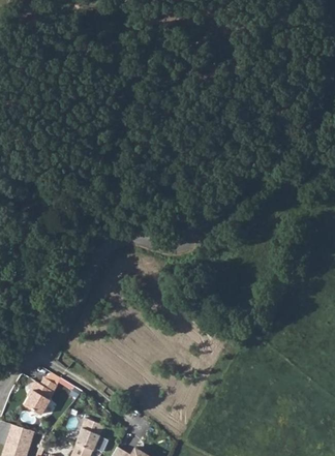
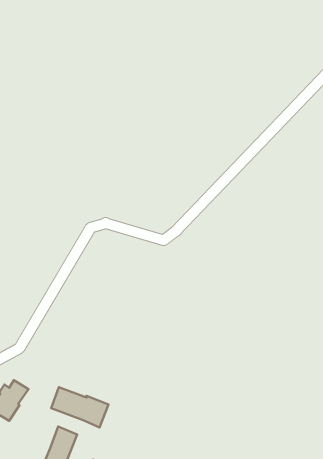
building: none -> [51,387,108,428]

